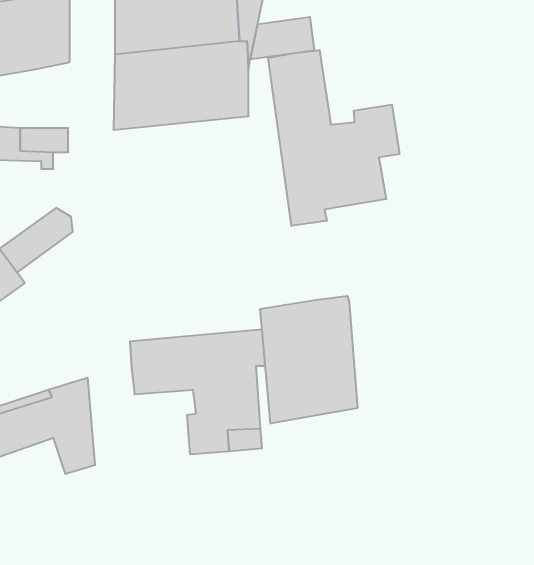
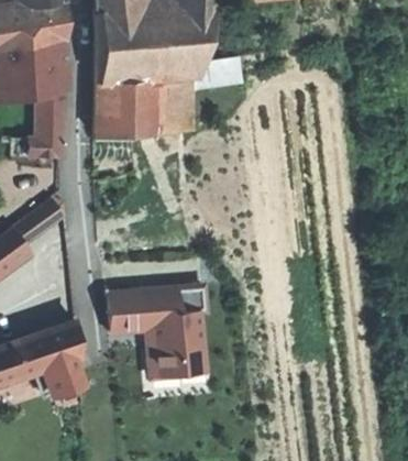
building: [268,50,399,226] -> none
building: none -> [36,89,65,138]
building: [260,296,357,424] -> none

